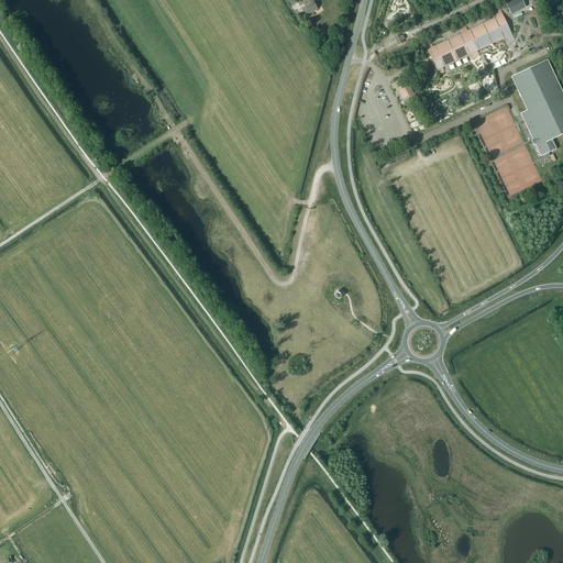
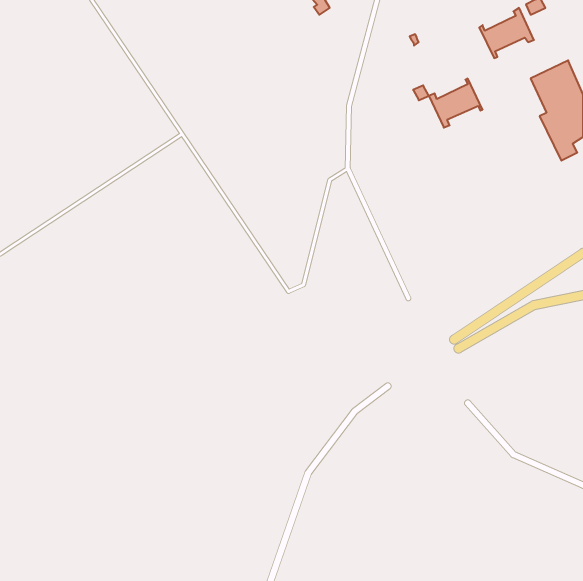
building: [424,26,476,74] -> [429,79,483,128]

